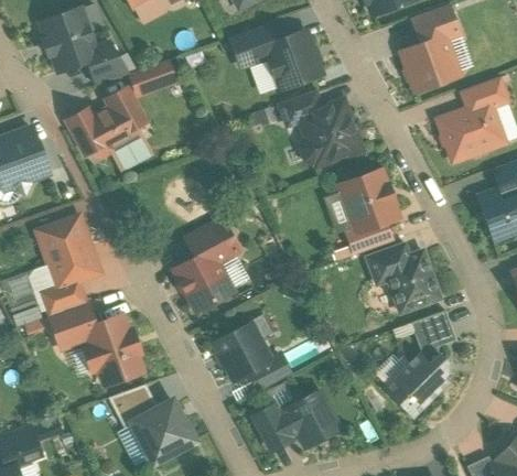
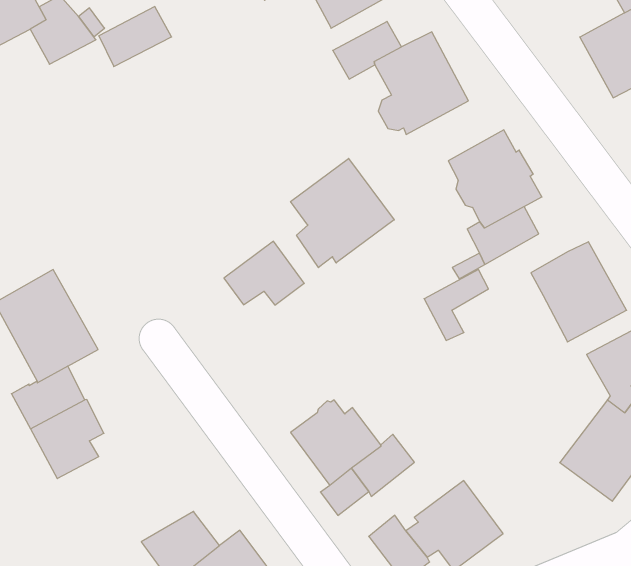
building: [68,88,146,155] -> none
building: none -> [291,158,394,268]
building: [367,241,409,283] -> [424,270,488,340]
building: [175,250,234,310] -> none
building: [85,316,142,383] -> none

